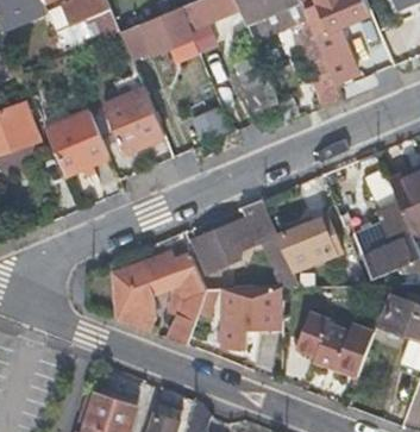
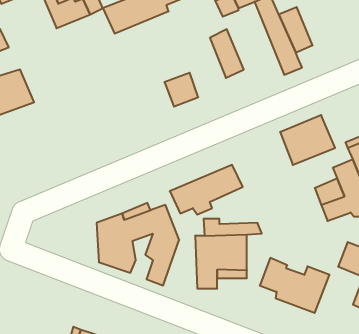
building: [104,89,165,152] -> none
building: [48,111,108,174] -> none
building: [277,215,339,271] -> [280,115,335,165]

